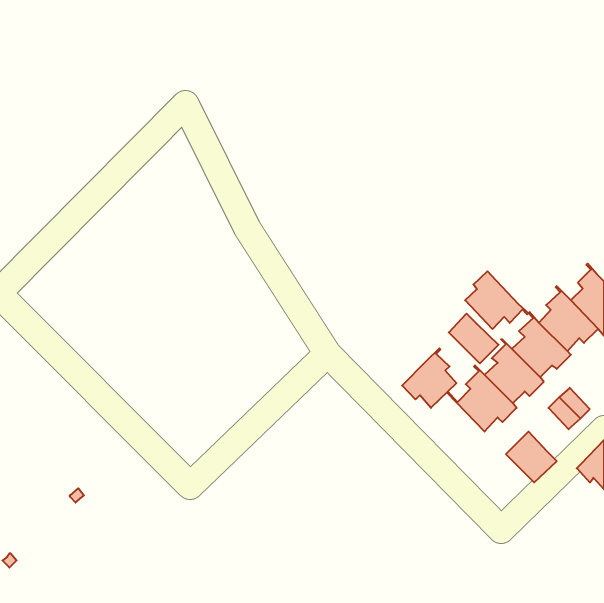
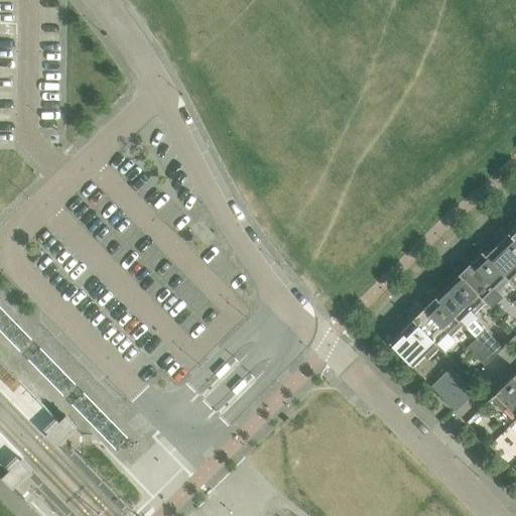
building: [465,271,528,329] -> none
building: [449,314,499,363] -> none
building: [402,348,456,408] -> none

